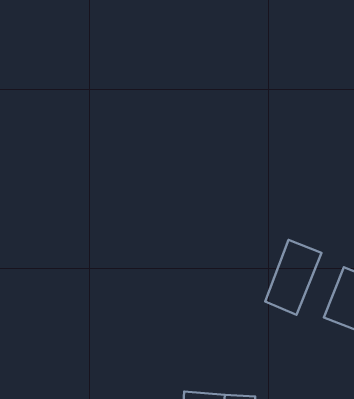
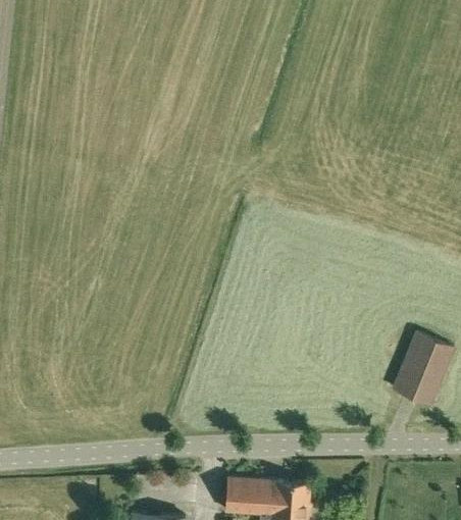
building: [265,240,321,315] -> none

